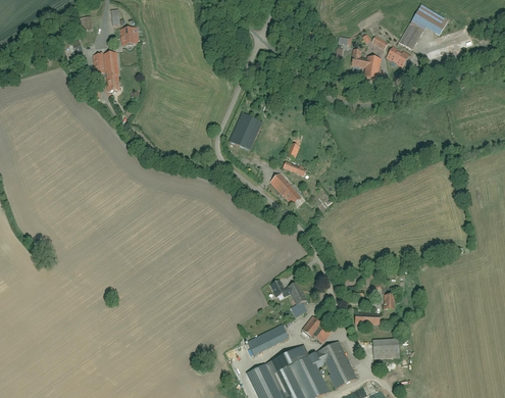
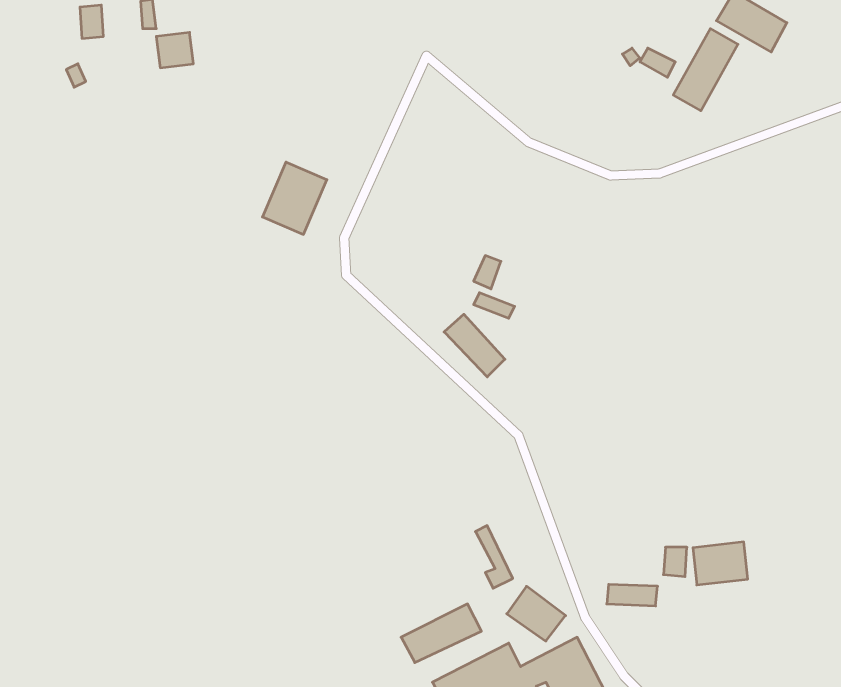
building: [350,48,381,78] -> none
building: [93,51,119,91] -> none
building: [228,112,261,150] -> [262,162,327,234]
building: [370,338,399,360] -> [693,542,748,585]

